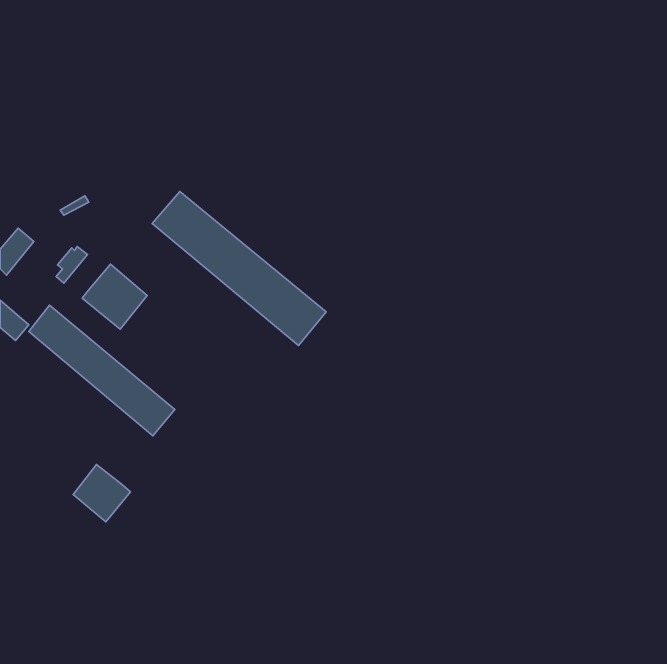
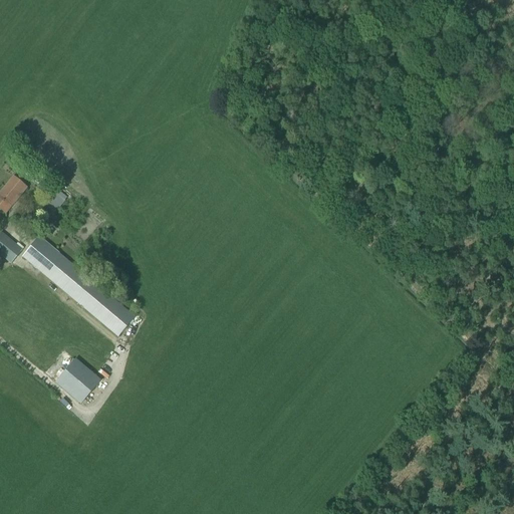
building: [152,191,326,346] -> none
building: [82,264,147,329] -> none

